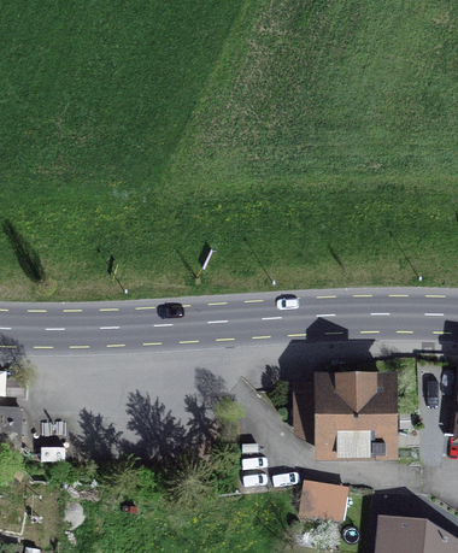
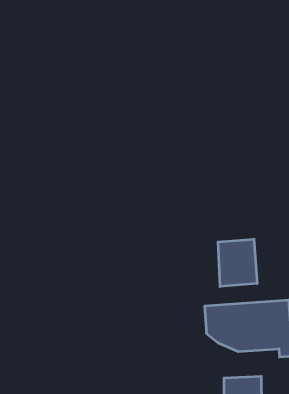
building: none -> [218,239,257,287]

